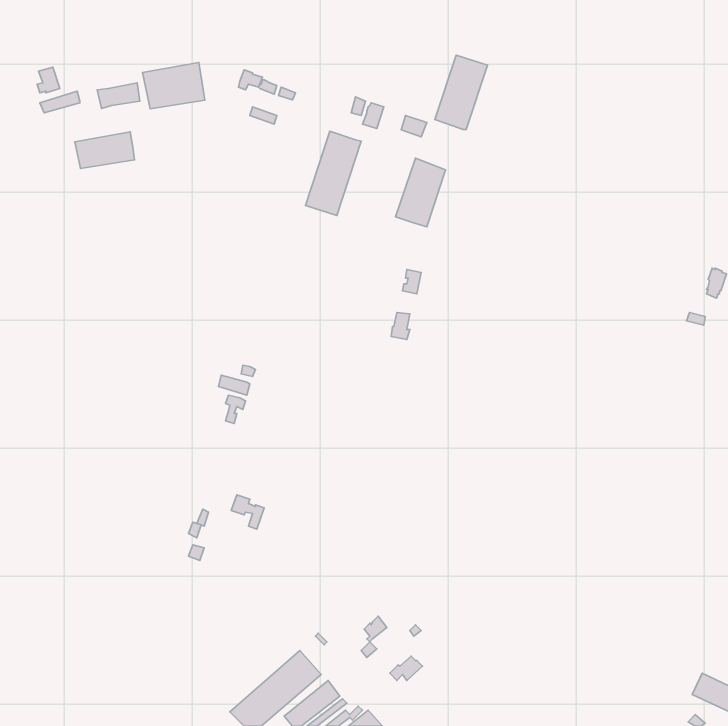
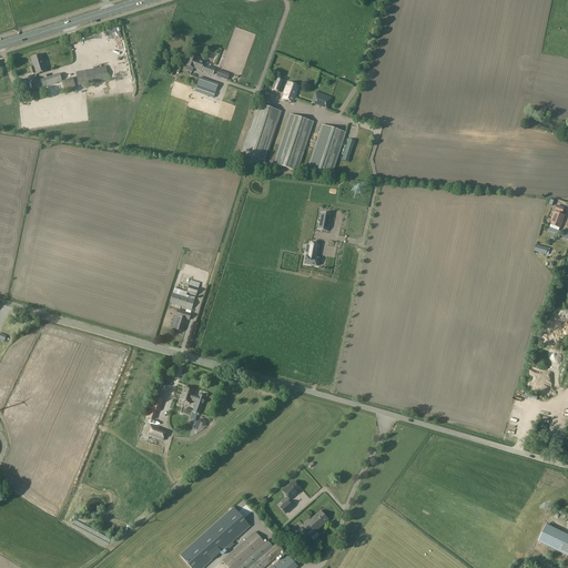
building: [435,55,488,129] -> [274,113,315,171]
building: [143,63,205,109] -> none
building: [75,132,135,169] -> none

